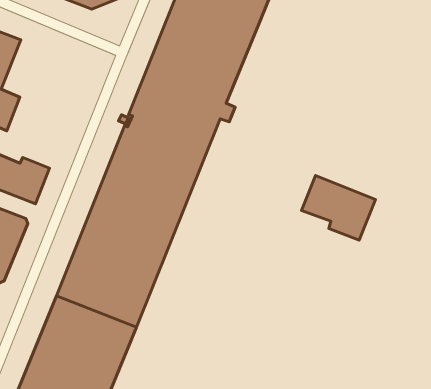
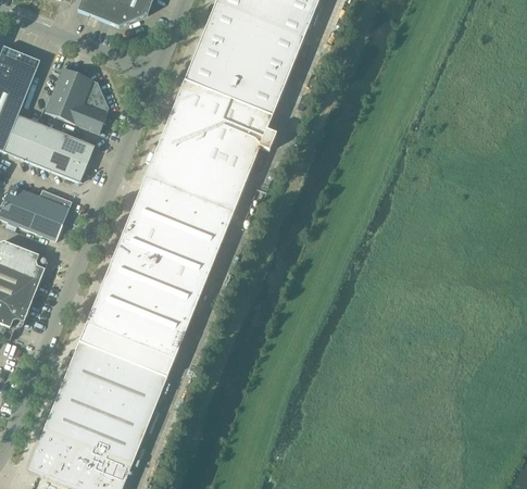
building: none -> [45,67,109,133]
building: none -> [25,123,95,181]
building: [301,175,375,240] -> none

